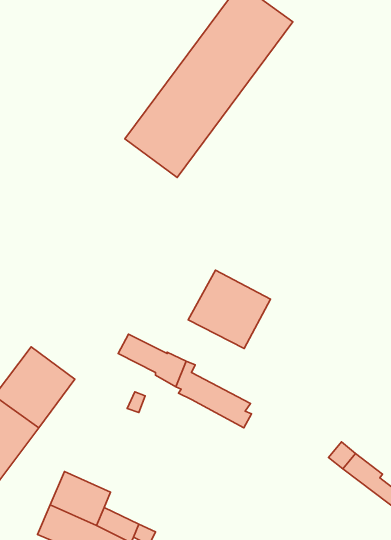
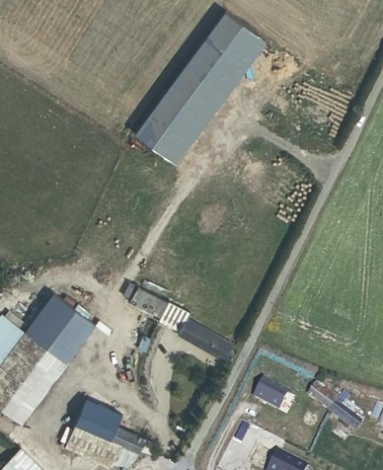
building: [188,270,270,348] -> none
building: none -> [252,380,287,411]

